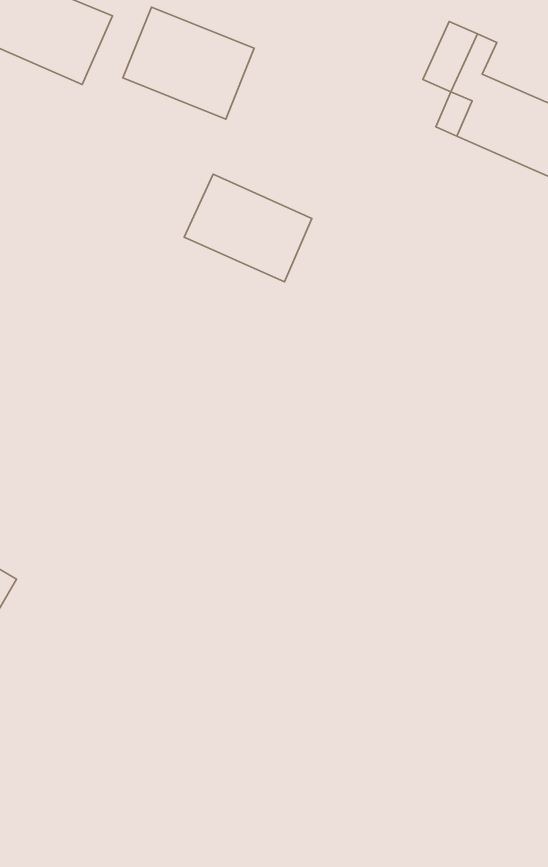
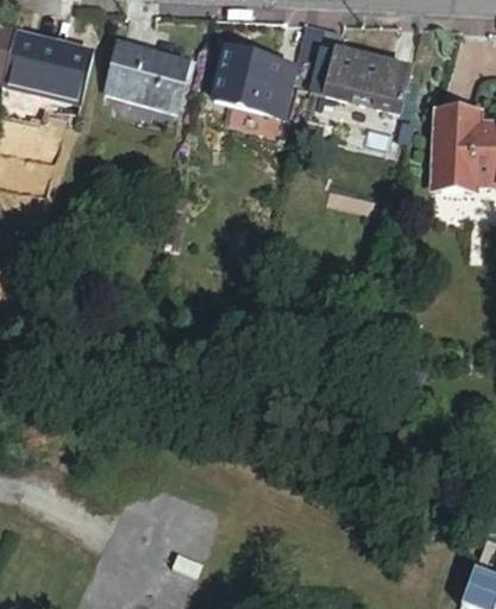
building: [184,174,312,282] -> [213,54,291,114]

